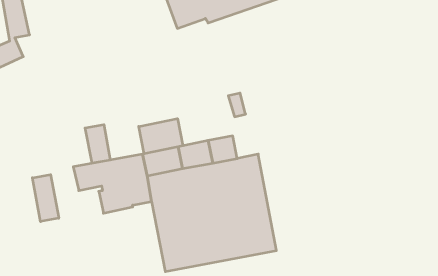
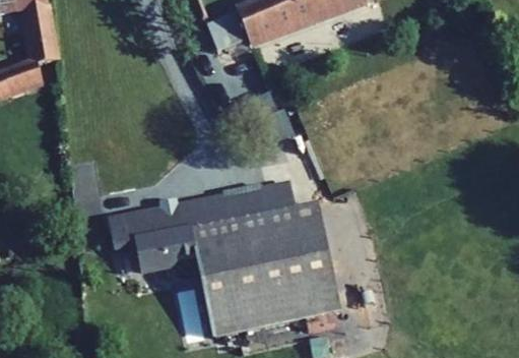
building: [139,119,183,154] -> none
building: [85,125,110,163] -> none
building: [32,175,59,222] -> none

